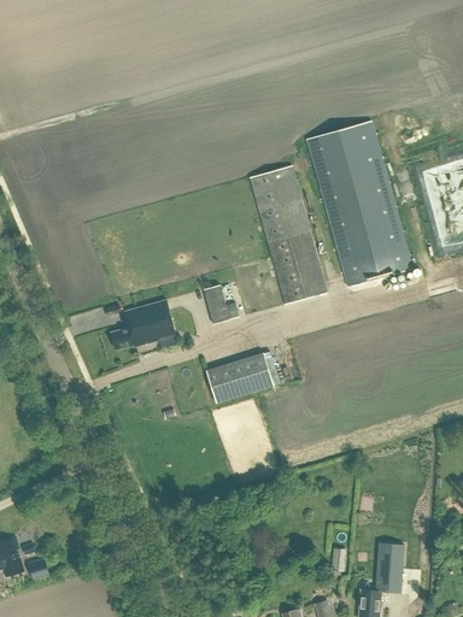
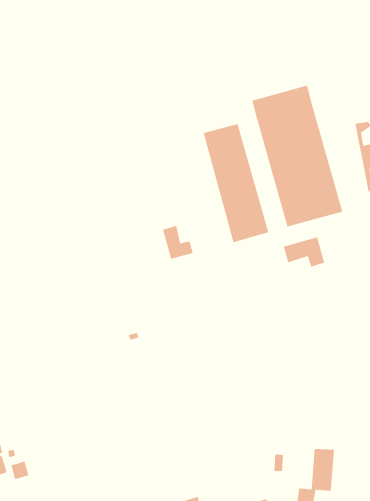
building: none -> [283,237,325,267]
building: [111,299,175,348] -> none
building: [205,352,272,402] -> none

